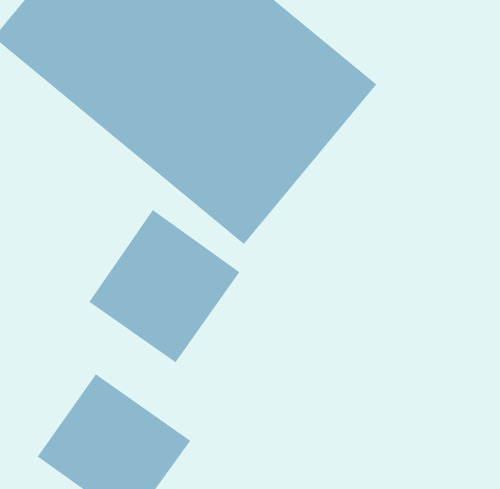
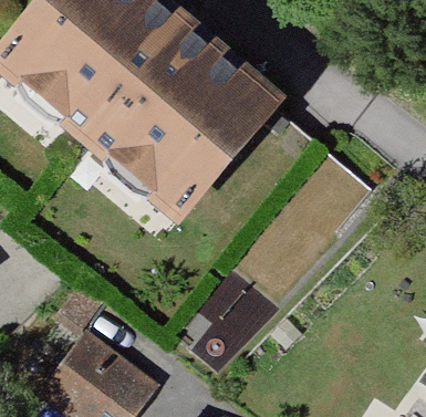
building: [88,209,240,363] -> none

